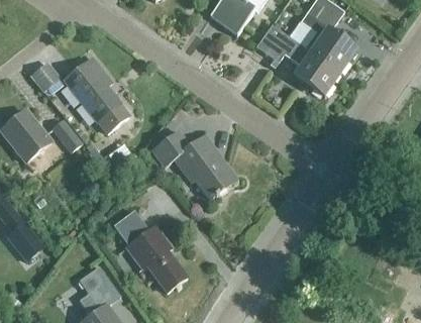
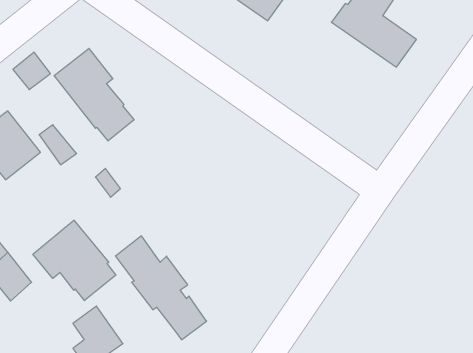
building: [256,24,341,97] -> none
building: [153,131,237,198] -> none
building: none -> [33,220,116,301]

